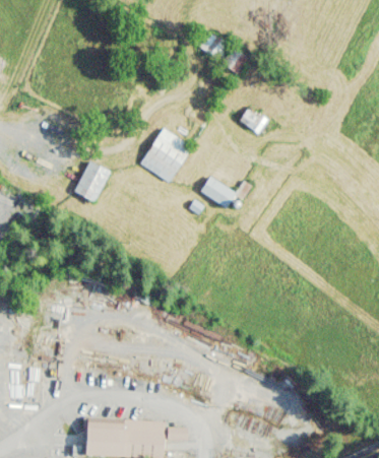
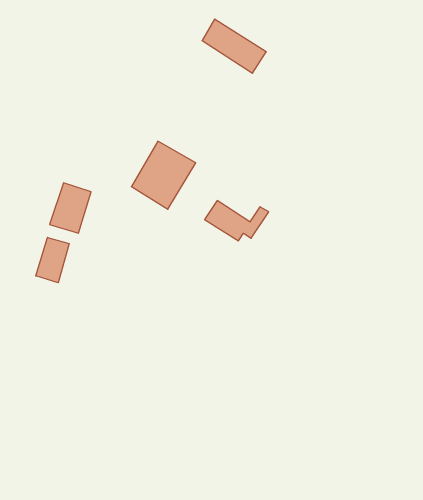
building: [239,106,268,134] -> none
building: none -> [36,237,69,283]

